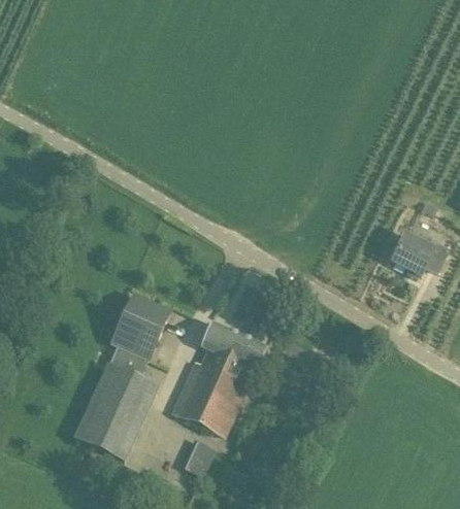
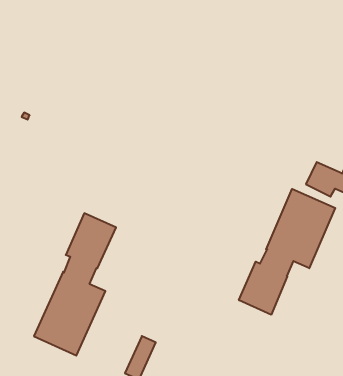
building: none -> [239,189,335,315]
building: [172,320,266,435] -> none

